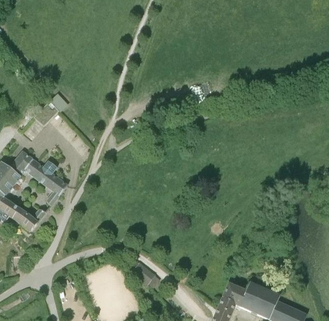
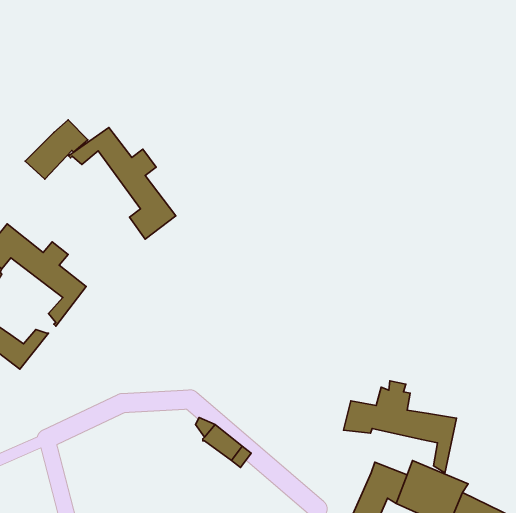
building: none -> [69,128,176,239]
building: none -> [344,381,457,474]

